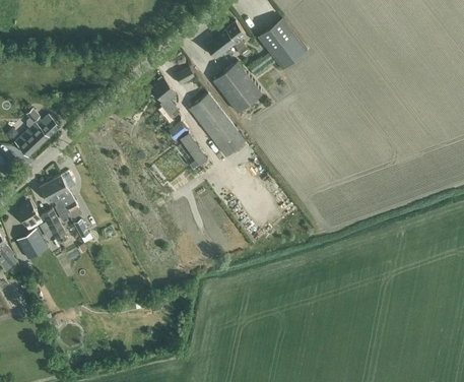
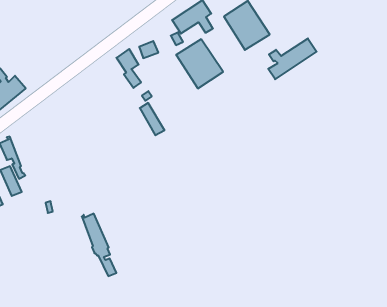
building: none -> [268,38,317,79]
building: [188,93,245,156] -> none
building: [49,175,89,238] -> [82,214,116,276]

